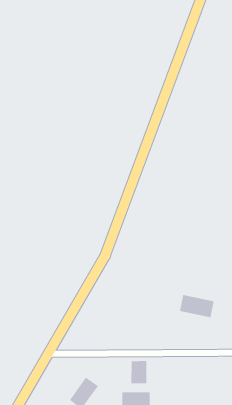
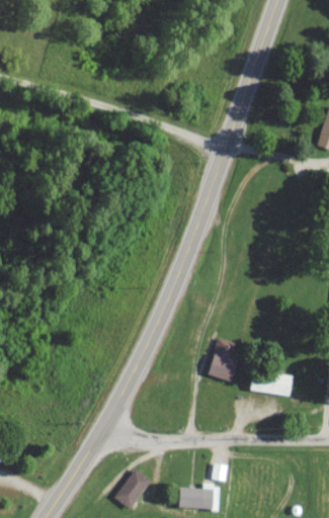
building: none -> [210,340,237,379]
building: [131,360,147,384] -> none

